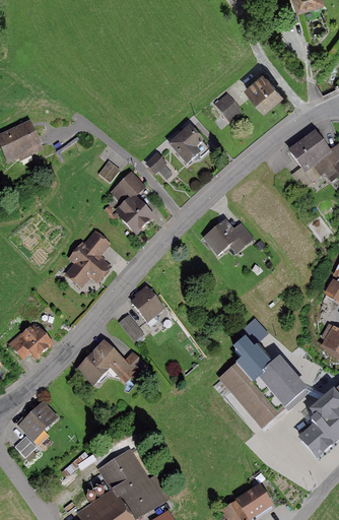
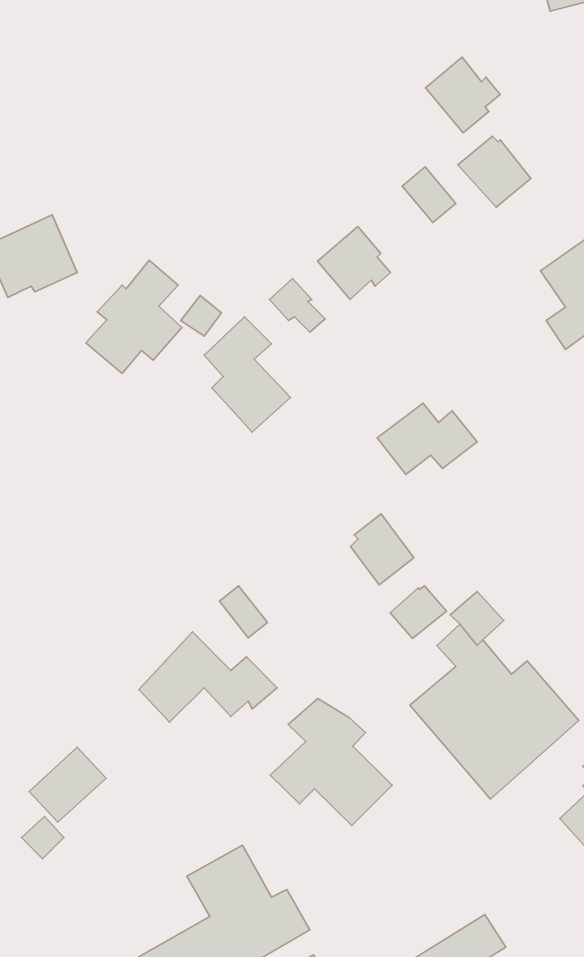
building: none -> [426,57,500,133]
building: [63,231,114,290] -> [86,260,182,373]
building: [131,283,164,321] -> [350,514,414,585]
building: none -> [390,586,447,639]
building: [9,321,54,359] -> none
building: none -> [270,698,392,825]

